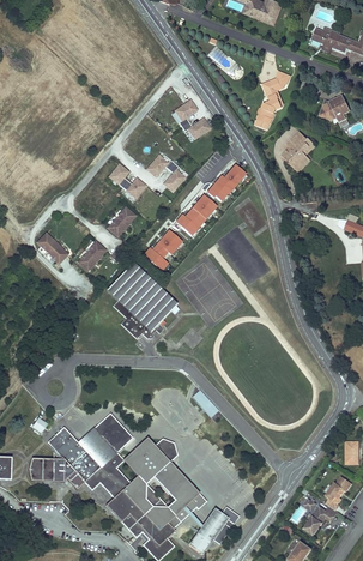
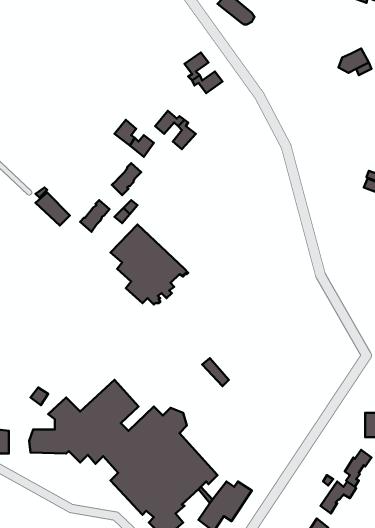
building: [258,71,289,129] -> none
building: [280,131,315,173] -> none
building: [174,164,246,236] -> none
building: [140,229,182,273] -> none

